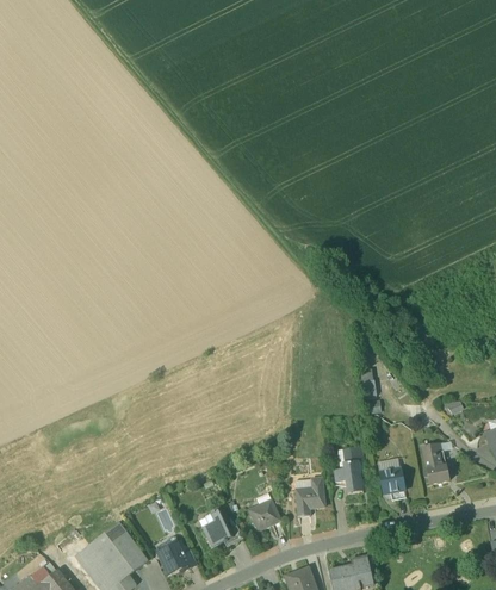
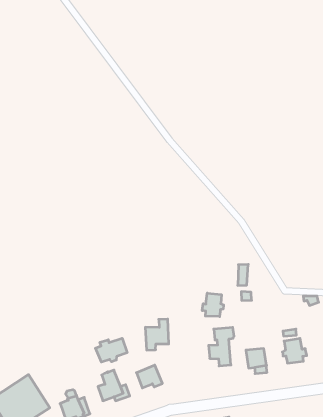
building: none -> [202,293,224,317]
building: none -> [95,338,127,362]
building: [296,478,326,517] -> [145,319,169,350]

